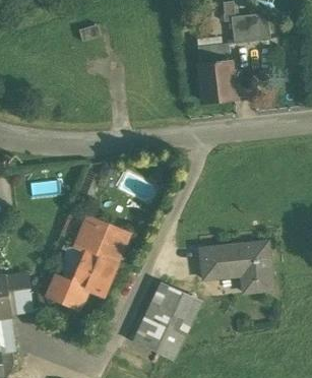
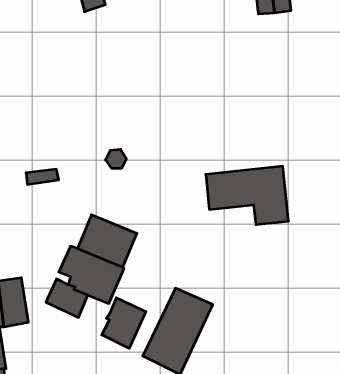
building: [198,42,235,101] -> none
building: [200,241,272,292] -> [206,166,289,225]
building: none -> [102,298,146,348]

